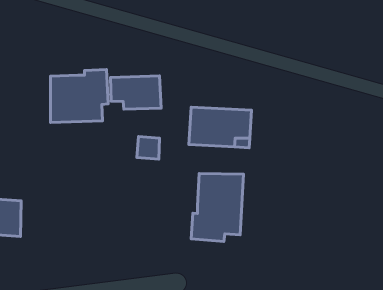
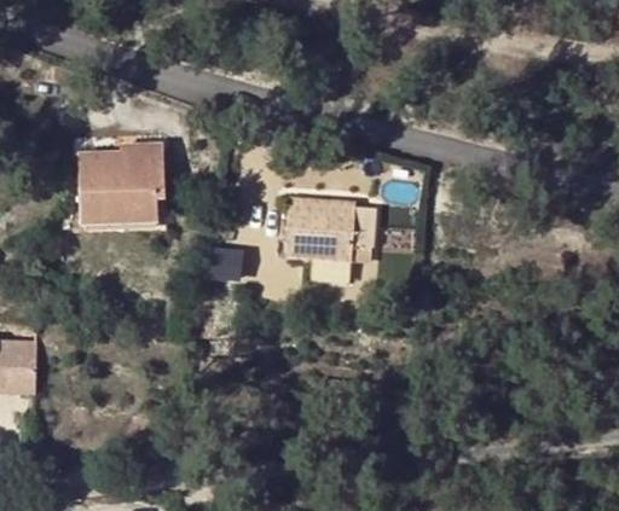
building: [110,76,161,109] -> none
building: [191,173,244,241] -> none

